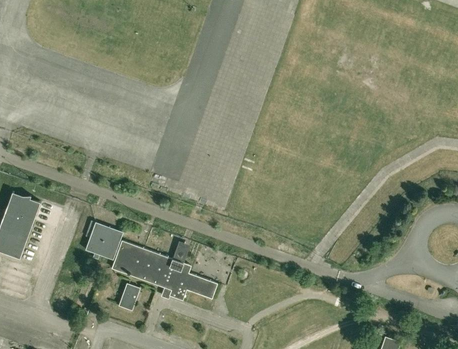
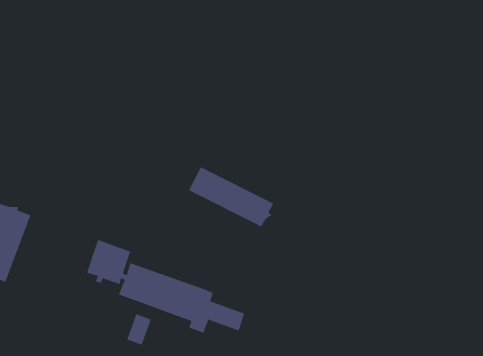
building: none -> [188,166,274,227]

